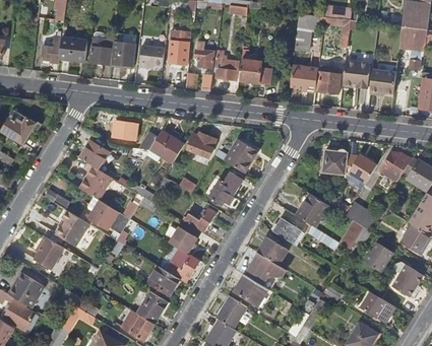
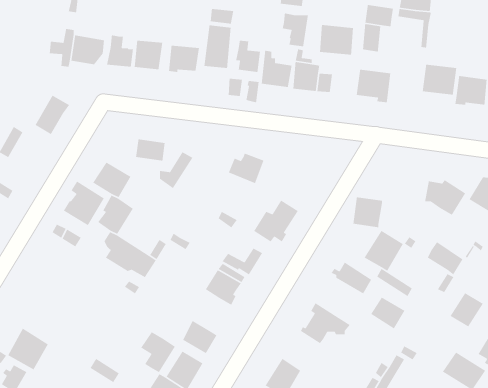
building: none -> [282,12,309,47]
building: none -> [319,24,354,56]
building: [317,66,341,93] -> none
building: [9,116,38,148] -> [35,95,70,135]
building: [152,130,185,161] -> none
building: [225,138,258,172] -> none
building: [323,149,348,175] -> [352,196,383,228]
building: [56,209,89,246] -> [63,180,105,226]
building: [35,235,65,270] -> none
building: [257,237,286,264] -> [370,296,406,329]
building: [171,249,199,282] -> [140,331,176,373]
building: [234,275,267,305] -> none

